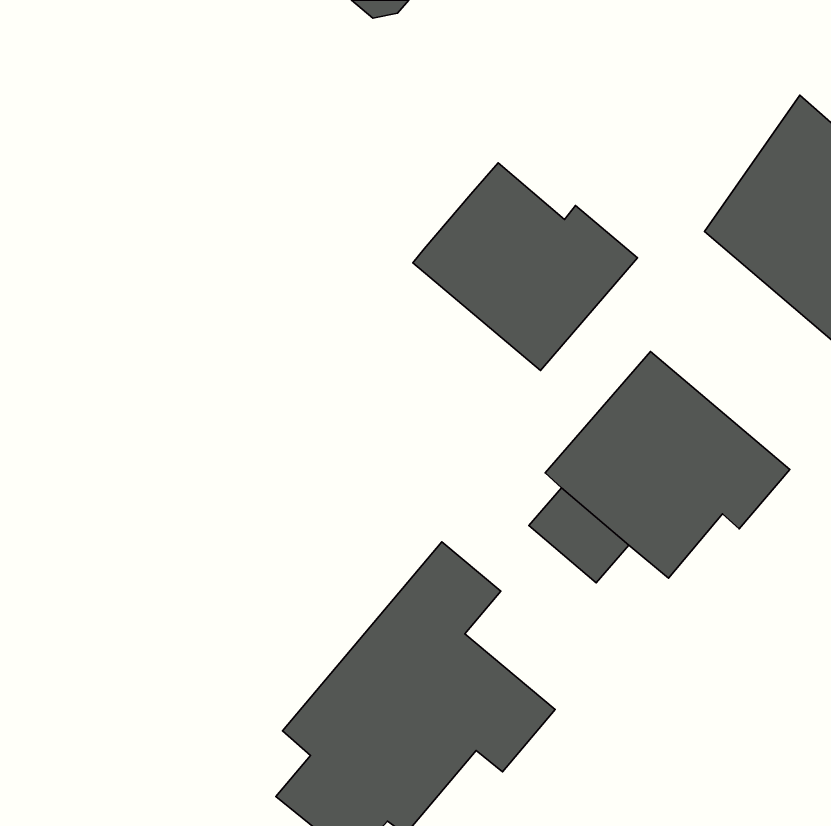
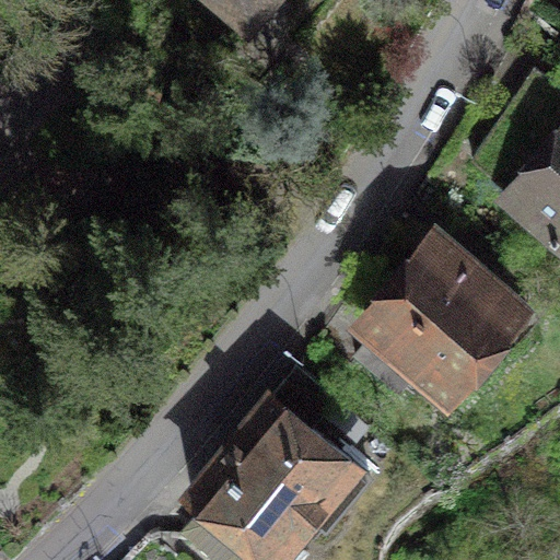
building: [413,163,637,370] -> none

